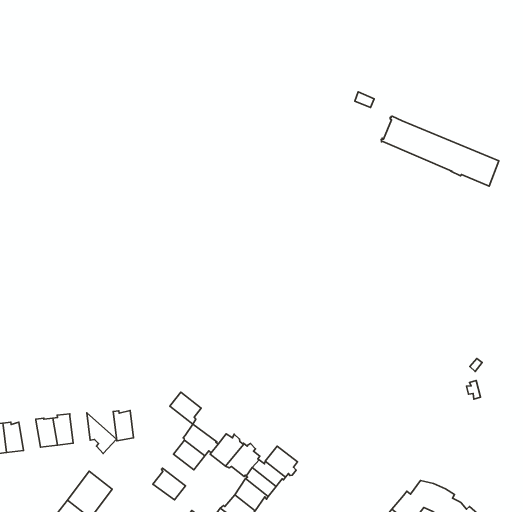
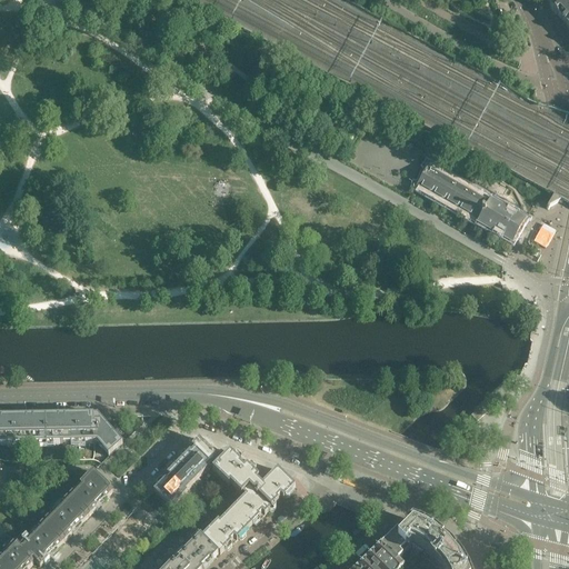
building: [170,392,201,424] -> [162,461,192,493]
building: [113,411,134,441] -> [79,410,96,439]
building: none -> [29,411,47,440]

